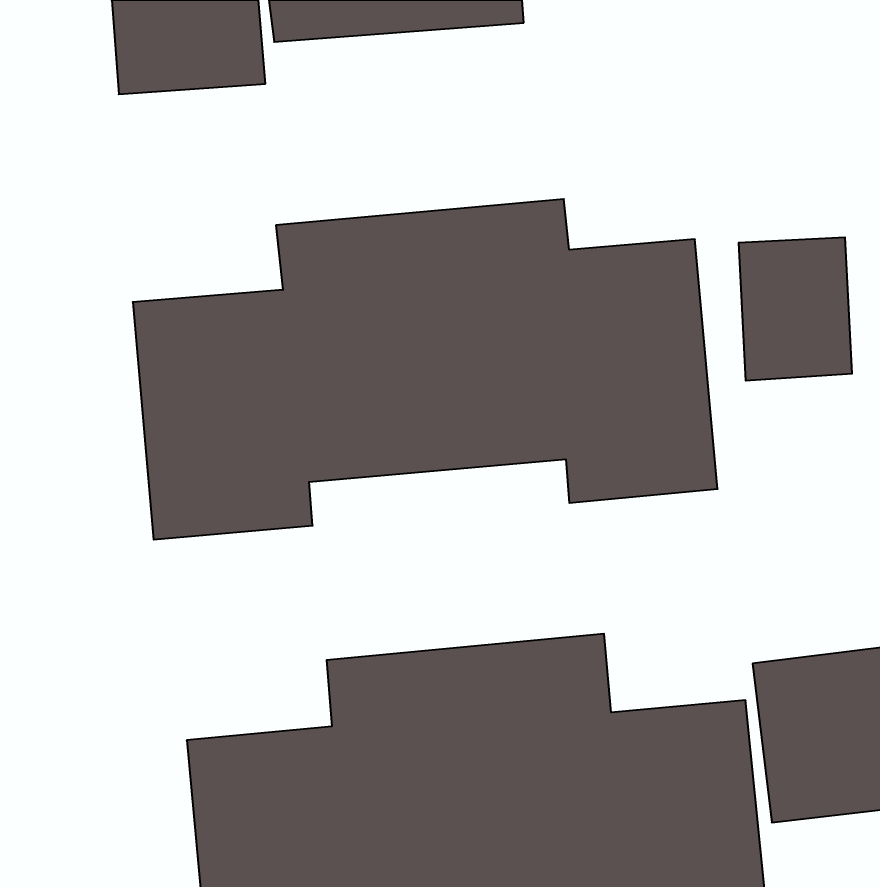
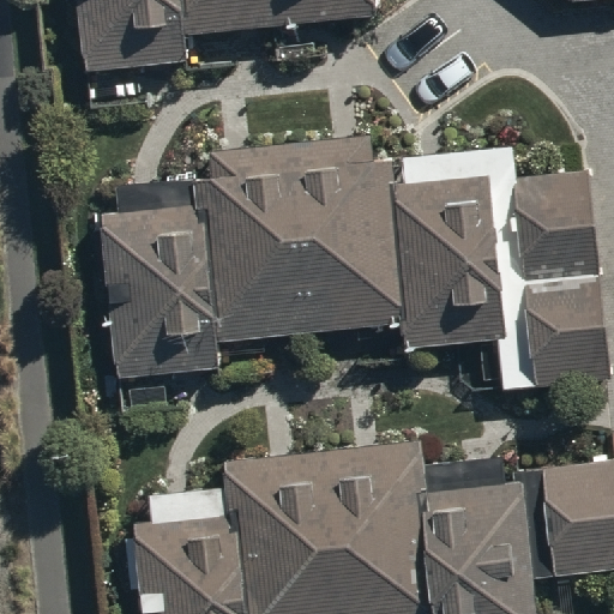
building: none -> [522,284,604,393]

